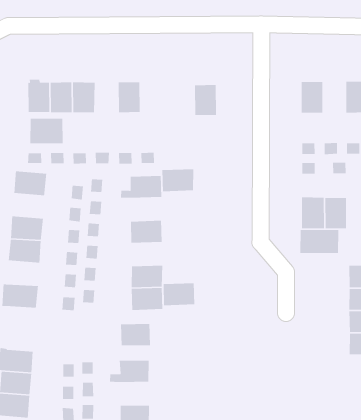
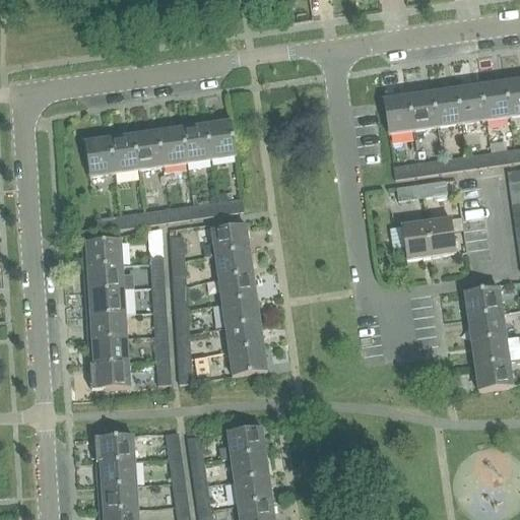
building: none -> [407,90,437,129]
building: none -> [159,126,189,164]
building: [194,84,217,116] -> [208,119,238,156]
building: [29,118,64,144] -> none
building: [161,169,194,192] -> [214,246,253,276]
building: none -> [87,262,124,288]
building: [299,229,339,254] -> none
building: none -> [91,336,129,364]
building: [163,282,195,306] -> [222,295,261,325]
building: [120,323,151,346] -> [232,449,268,478]

